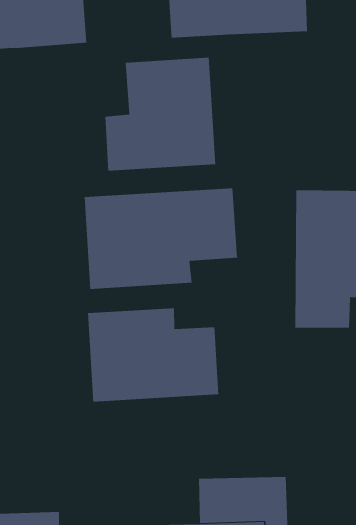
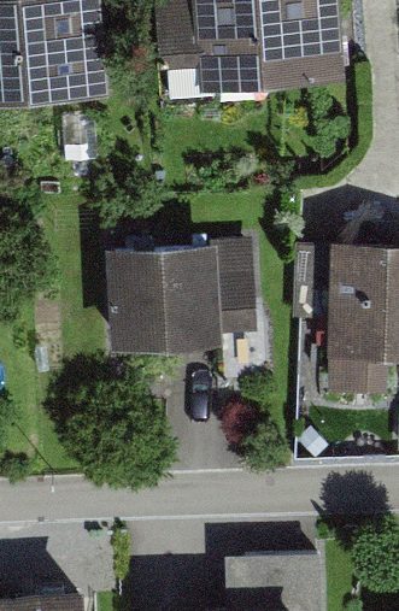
building: [105,57,216,172] -> none
building: [87,308,219,402] -> none

